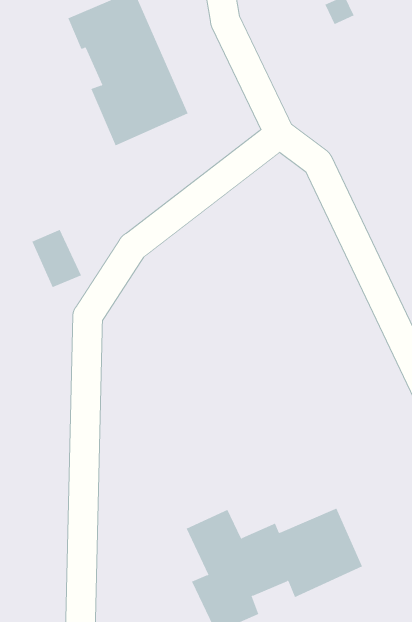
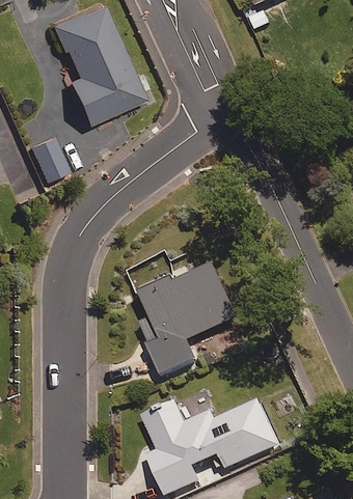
building: [32,229,82,288] -> [30,138,69,183]
building: none -> [139,268,238,377]

